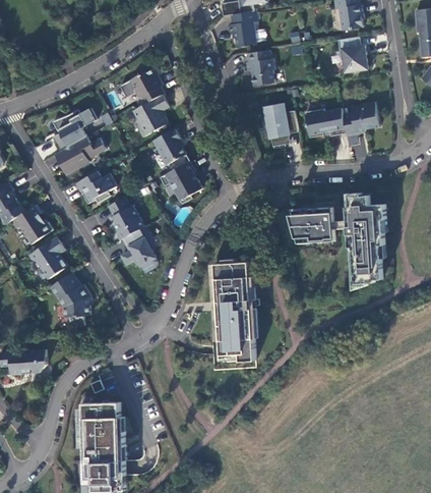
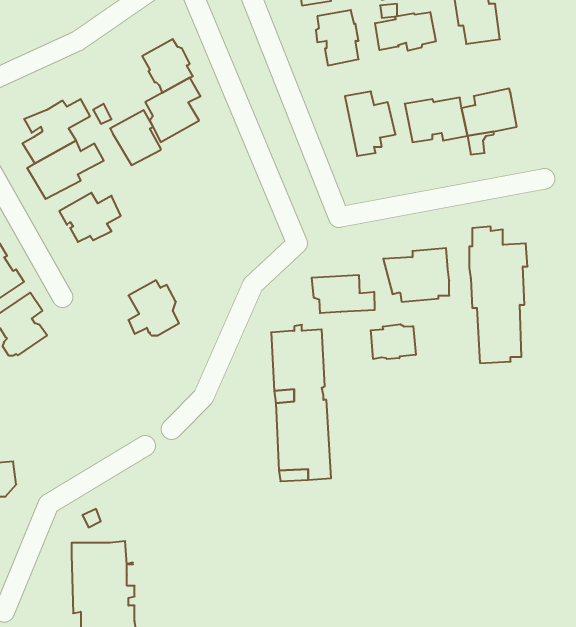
building: none -> [375,12,436,51]
building: [151,127,185,164] -> [110,110,161,165]
building: [160,160,201,203] -> none
building: [108,197,143,239] -> none
building: none -> [312,275,375,313]
building: none -> [371,324,416,359]
building: [50,272,90,326] -> none

